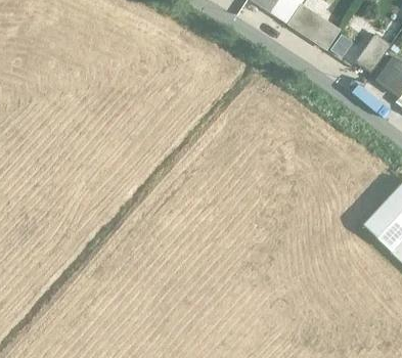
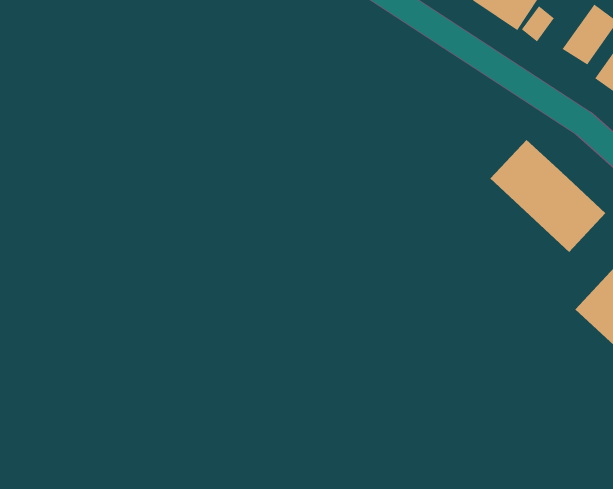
building: none -> [490,139,606,253]

